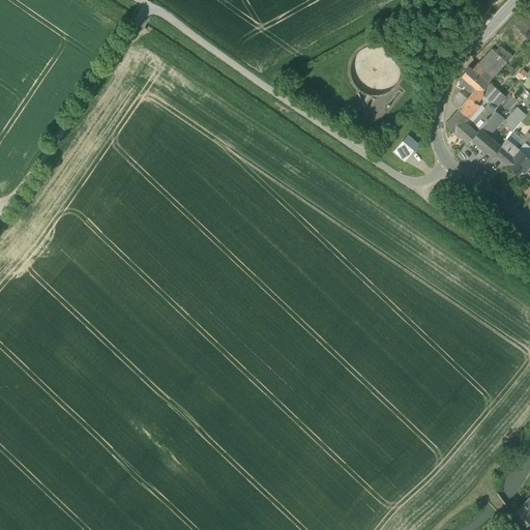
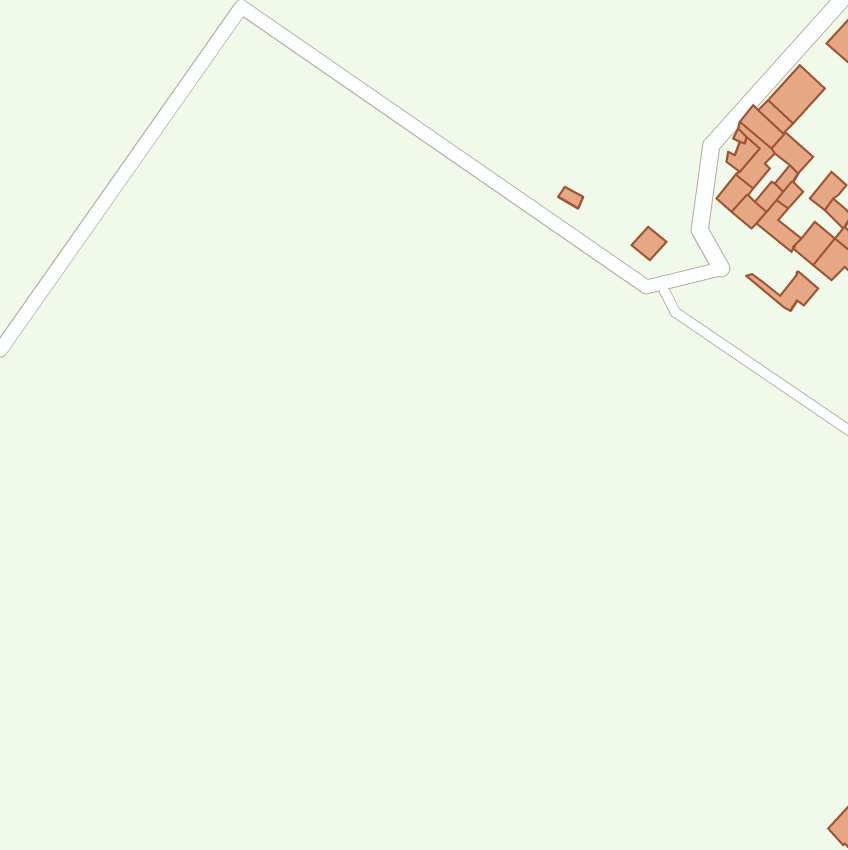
building: none -> [746,272,818,311]

